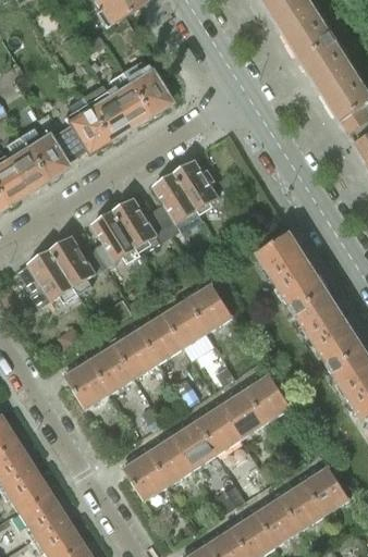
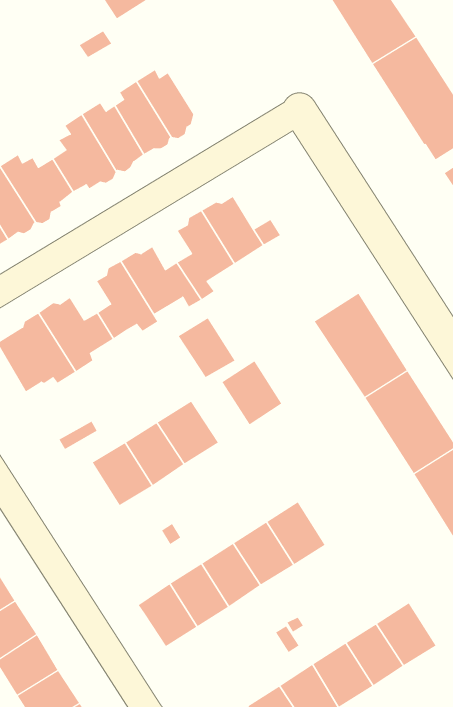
building: [164,300,208,346] -> [178,317,236,378]
building: [65,361,110,409] -> none
building: [245,374,291,423] -> none

